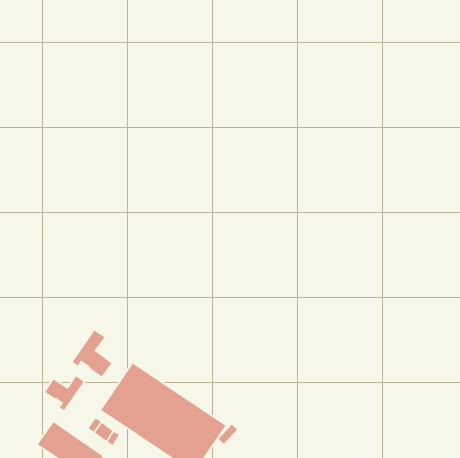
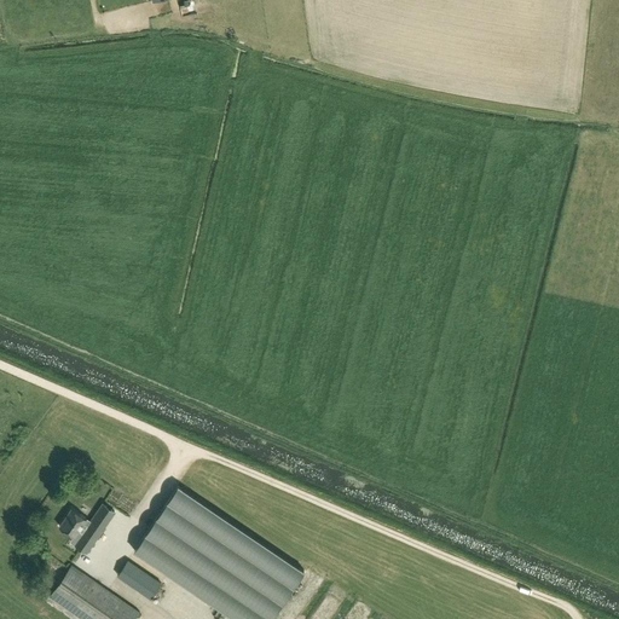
building: [72,329,112,378] -> none

